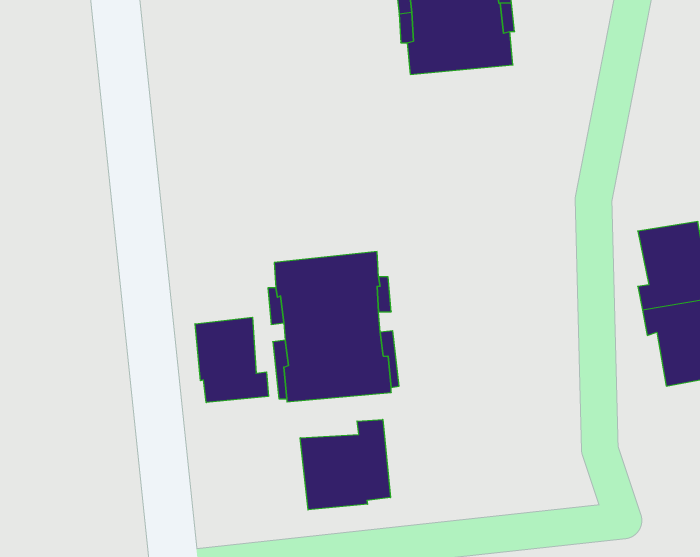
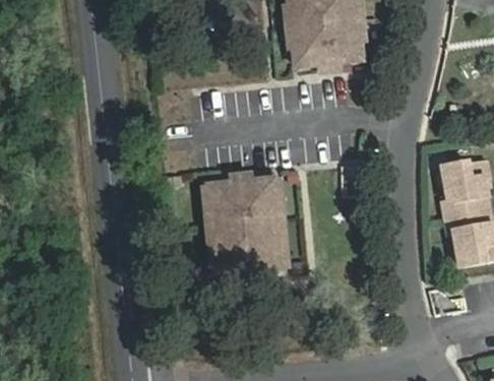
building: [195,317,268,403] -> none
building: [300,419,390,510] -> none

